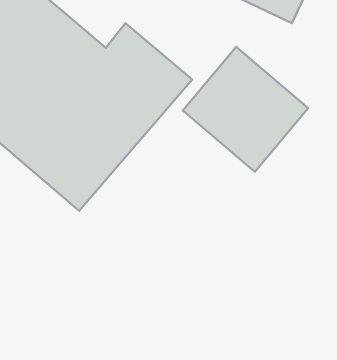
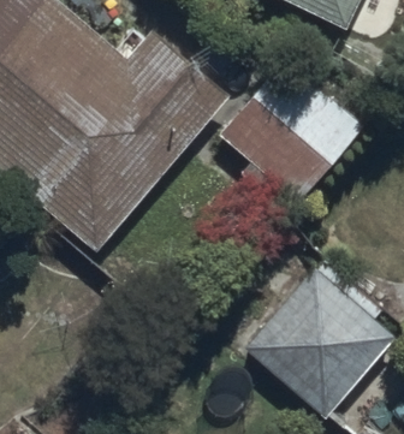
building: none -> [245,284,381,418]

